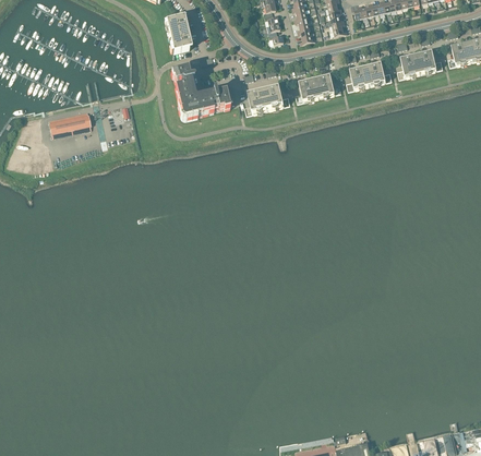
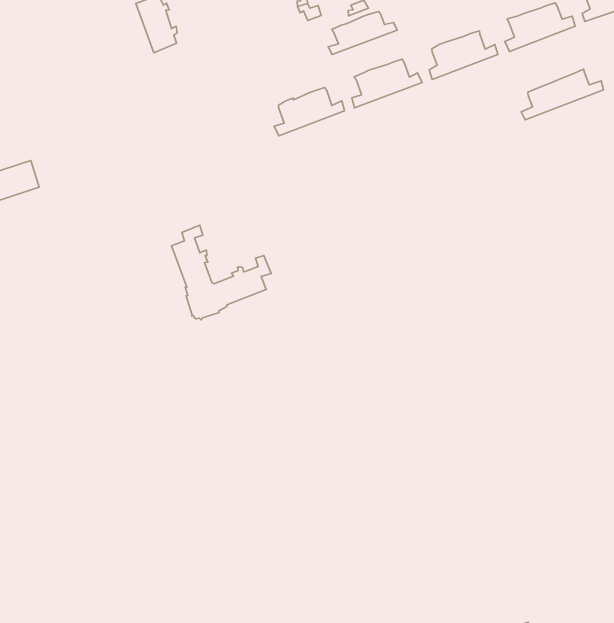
building: none -> [328,12,397,54]
building: [172,59,233,119] -> [171,225,271,320]
building: none -> [521,69,604,120]

